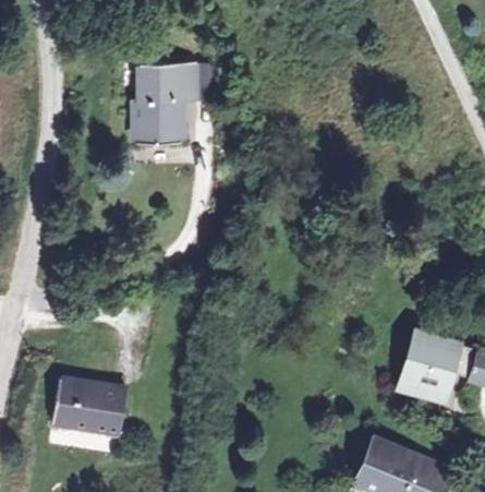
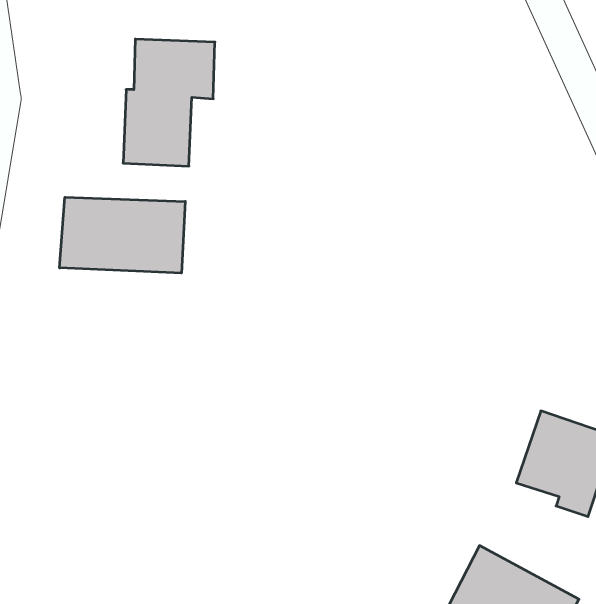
building: none -> [60,197,185,273]
building: [52,382,130,439] -> none

